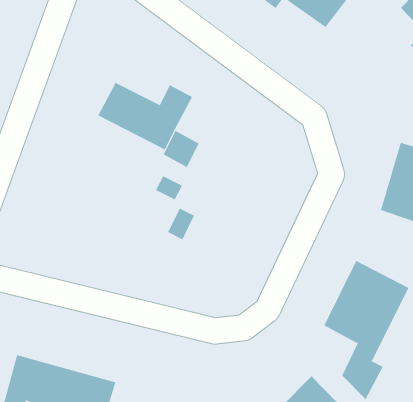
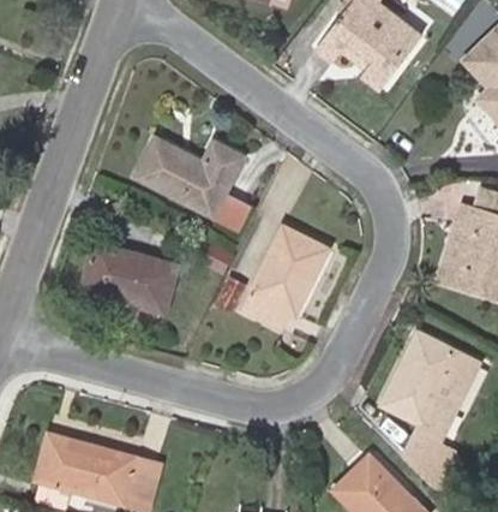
building: none -> [246,228,329,326]
building: none -> [85,244,178,310]

